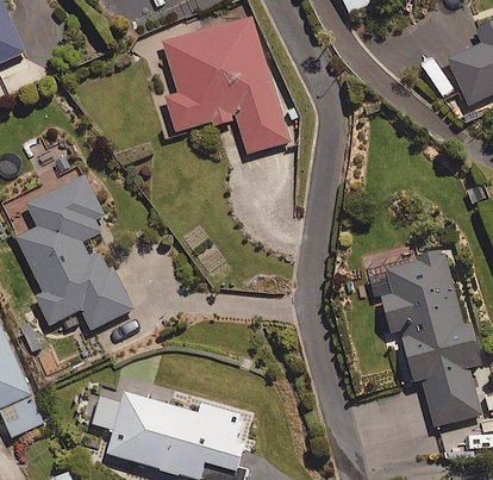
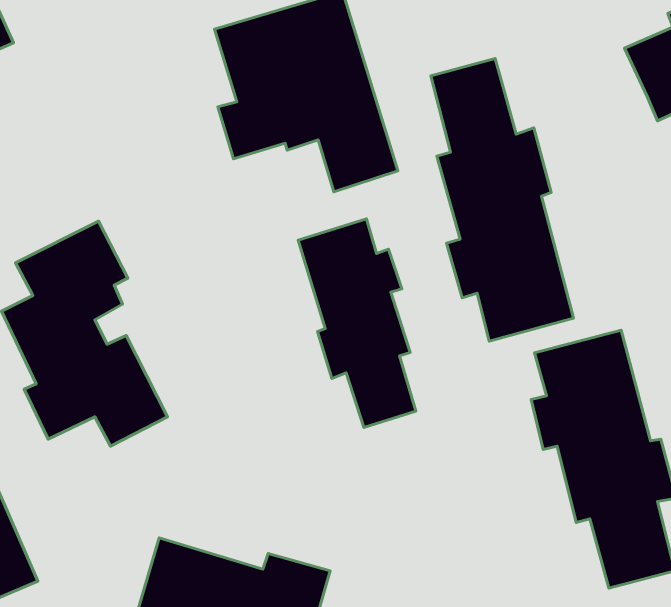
building: none -> [431,59,574,341]
building: none -> [298,219,416,427]

